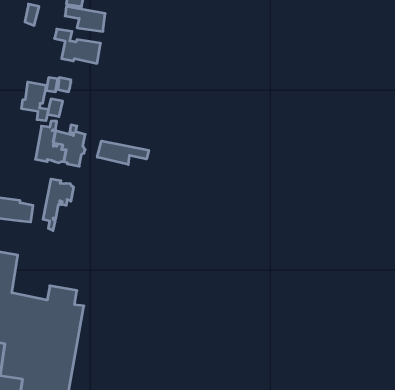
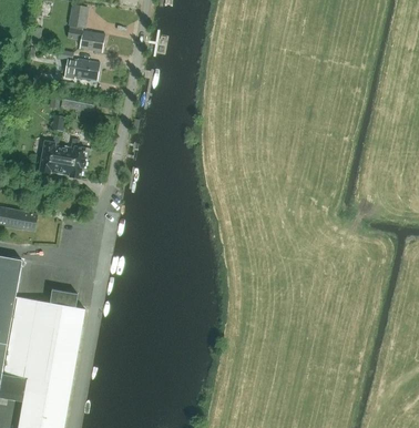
building: [22,82,48,121] -> none
building: [97,141,149,165] -> none
building: [43,179,73,231] -> none

